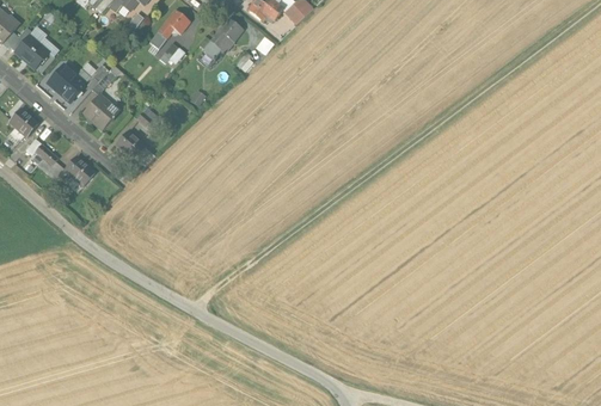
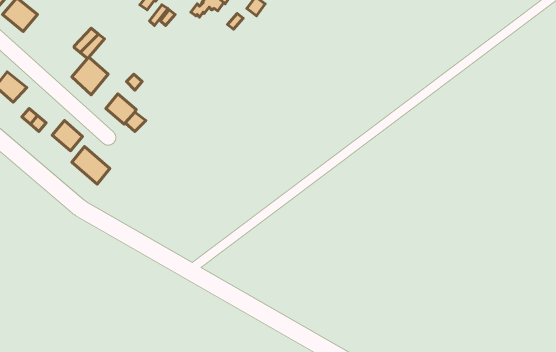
building: [49,63,82,102] -> none
building: none -> [72,147,110,184]

